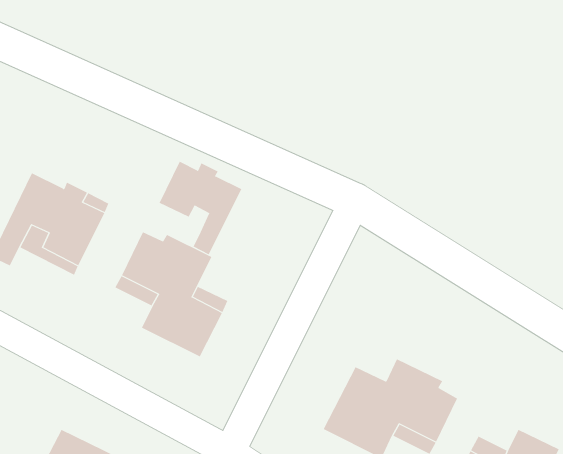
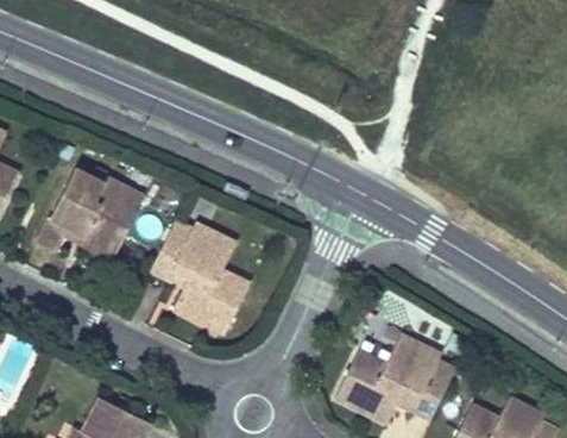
building: [159,161,242,255] -> none

